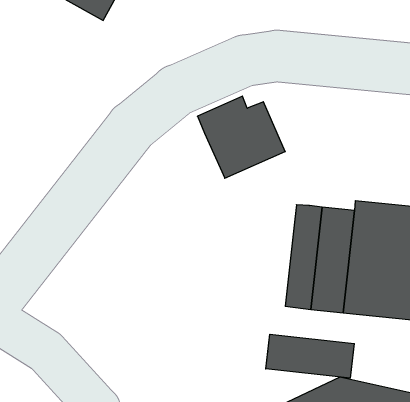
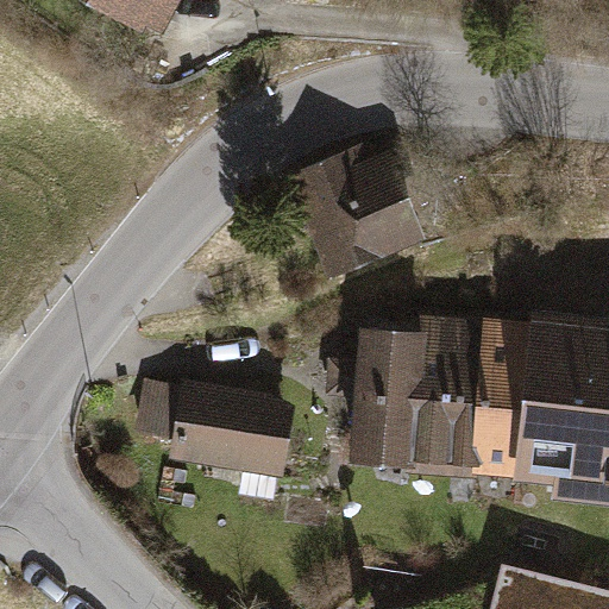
building: none -> [350,327,438,464]
building: none -> [140,383,291,473]
building: [266,334,354,378] -> none

